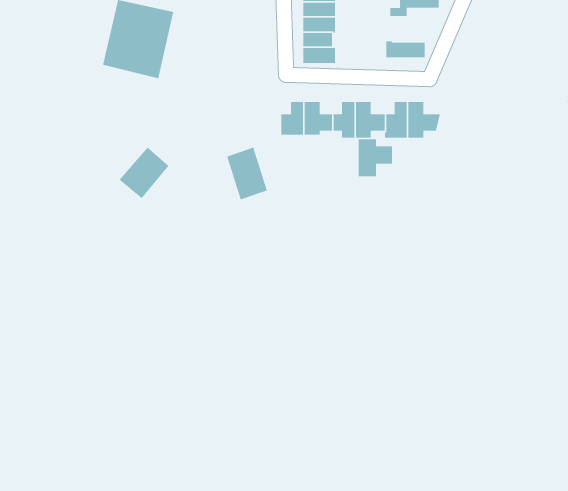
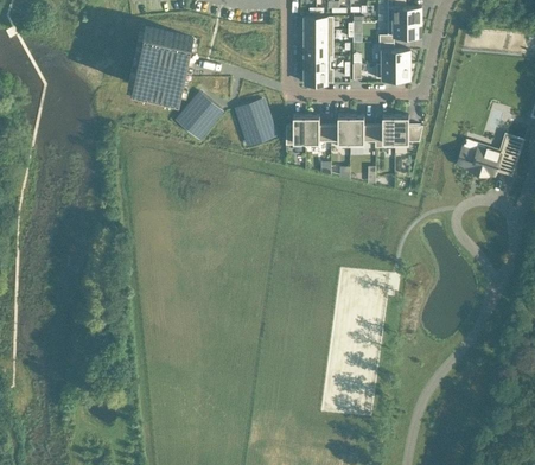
building: none -> [378,44,409,65]
building: none -> [458,134,524,177]
building: [358,138,393,177] -> none
building: [118,147,170,199] -> [177,94,221,139]
building: [226,147,268,200] -> [237,100,273,146]

